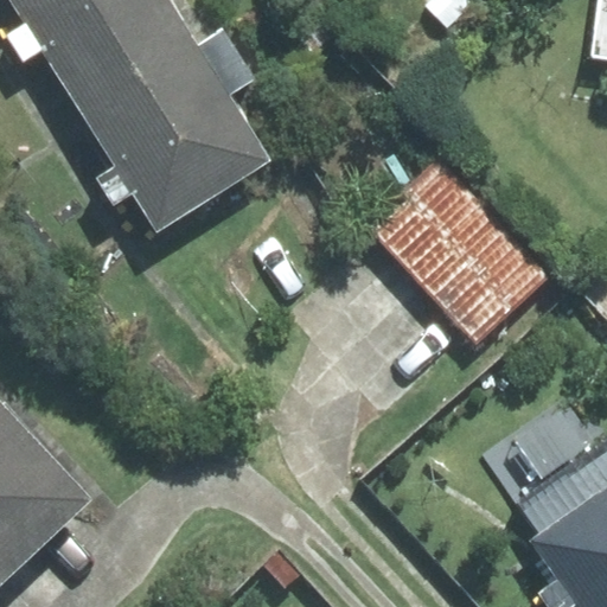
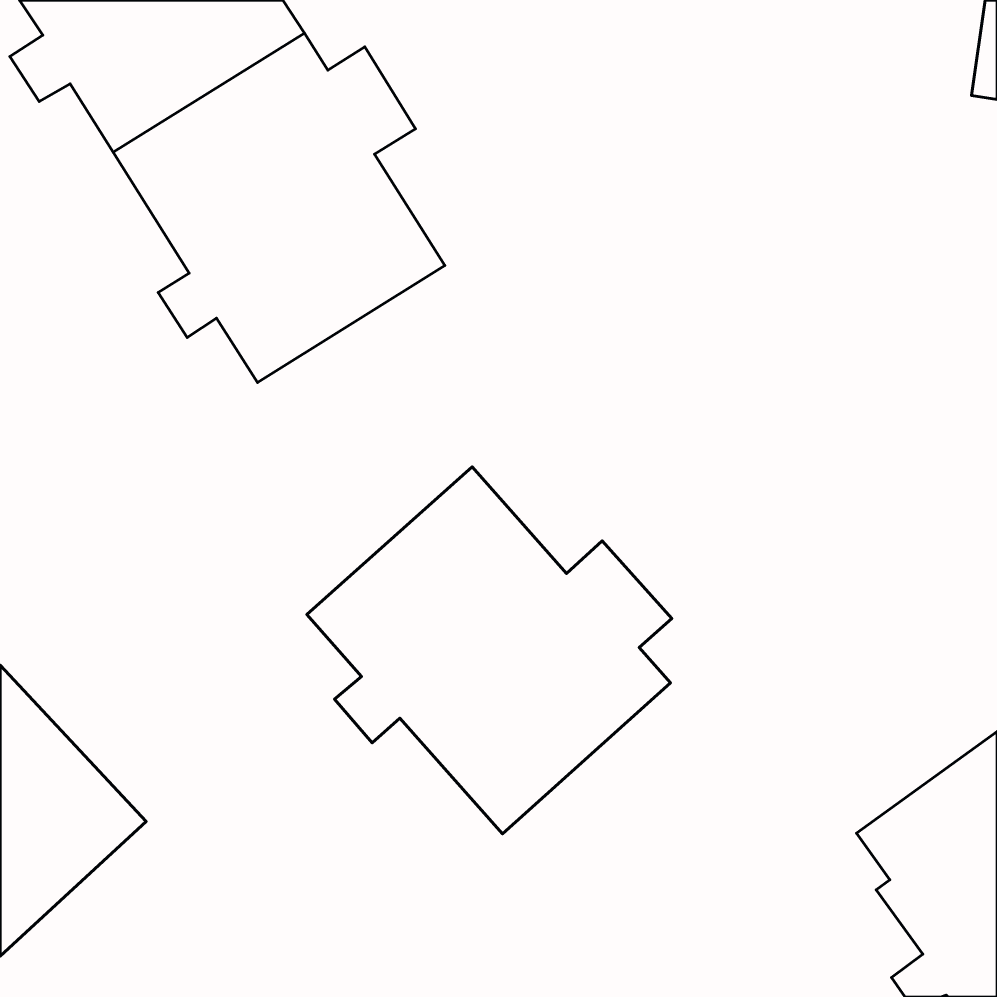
building: [372,159,550,340] -> none
building: none -> [307,467,672,834]

